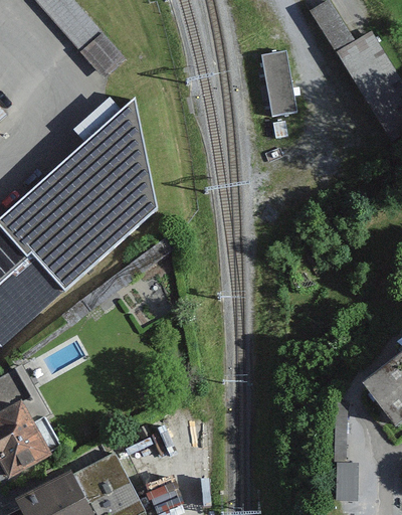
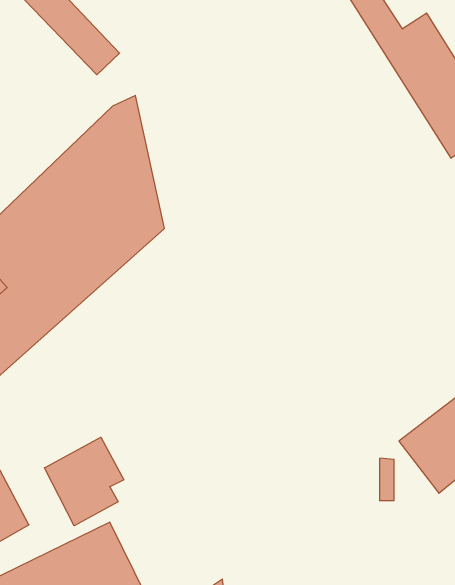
building: [263,51,295,116] -> none
building: none -> [44,437,124,526]
building: [336,458,364,497] -> none

